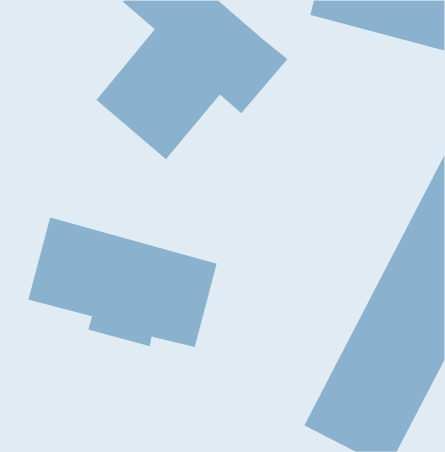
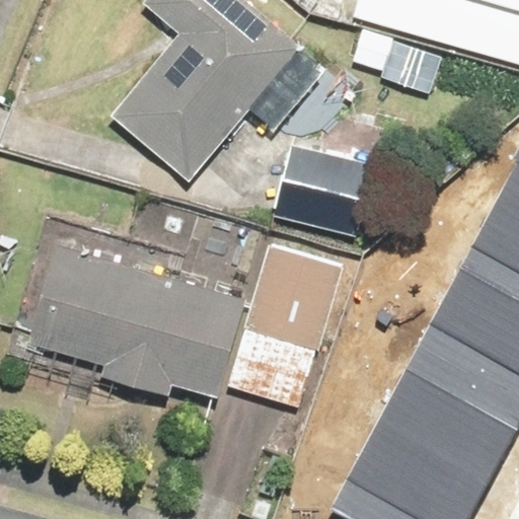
building: none -> [271,143,372,226]
building: none -> [229,240,349,403]

